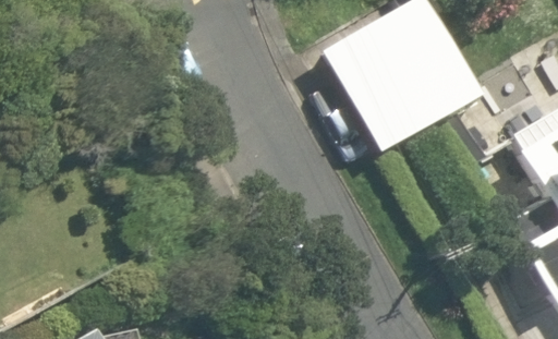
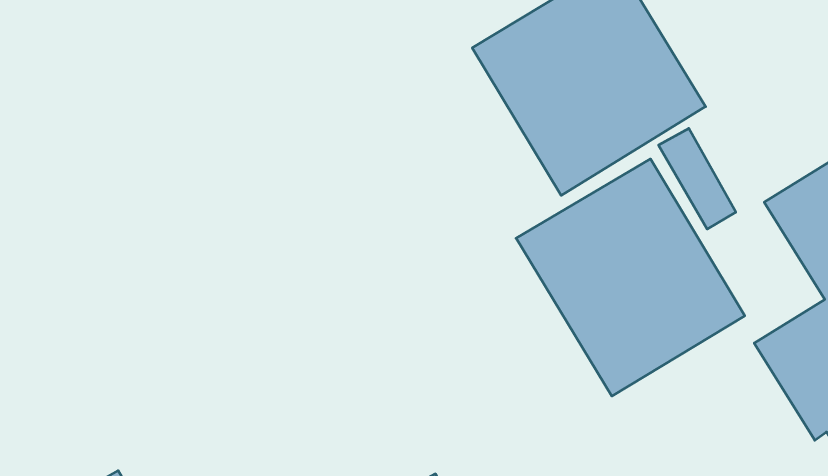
building: none -> [516,159,745,396]

